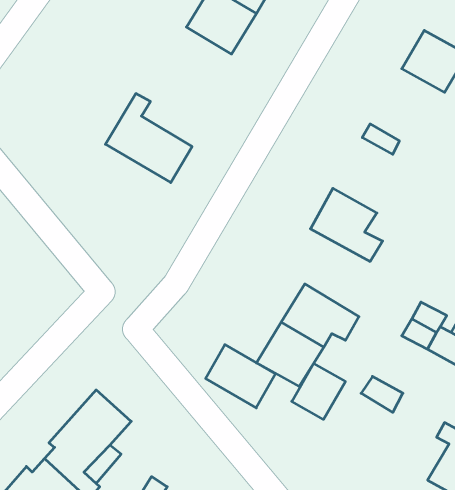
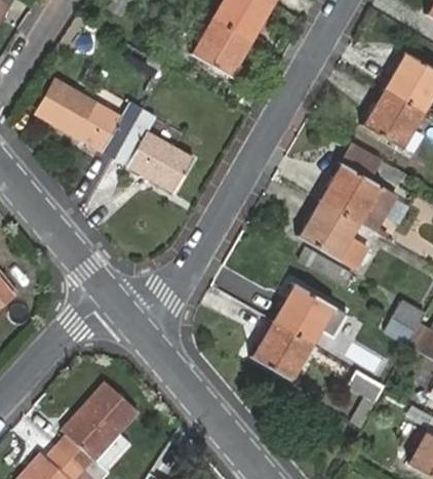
building: none -> [39,81,142,159]
building: none -> [364,90,423,148]
building: none -> [321,164,397,230]
building: [206,345,275,408] -> none
building: [292,364,345,419] -> none

